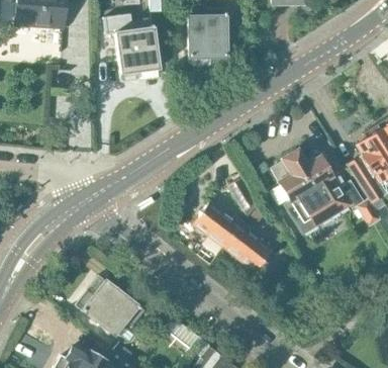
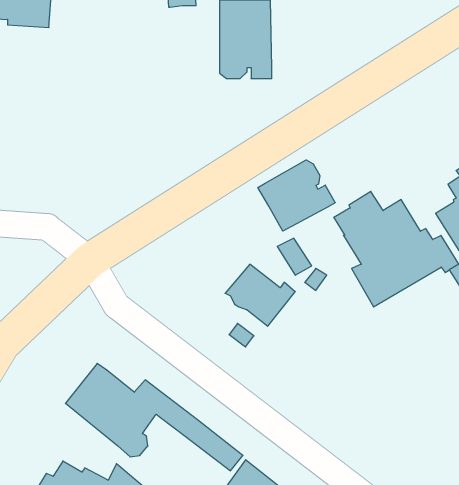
building: [104,14,159,82] -> none
building: none -> [258,160,335,231]
building: [224,222,272,272] -> none

